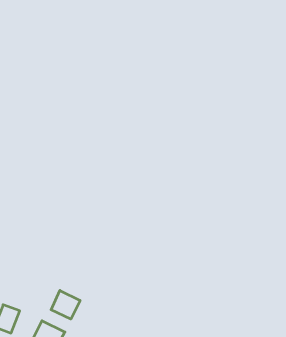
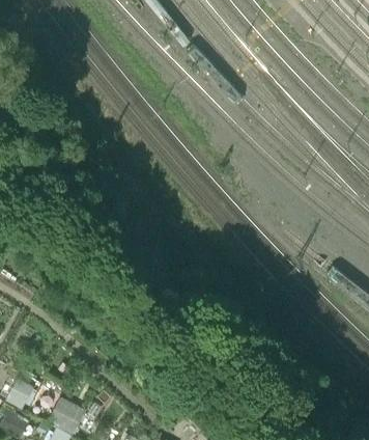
building: [51,290,80,319] -> none

